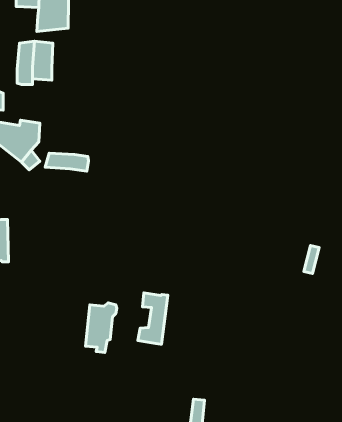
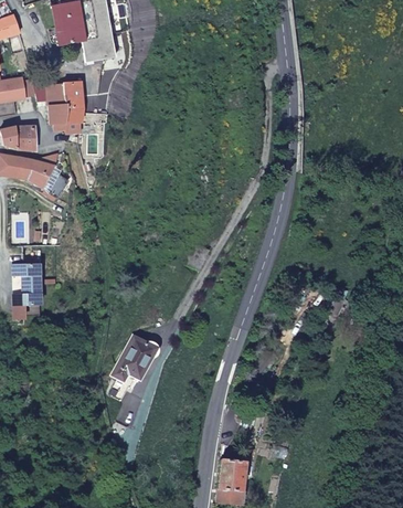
building: [45,153,88,171] -> none
building: [138,293,168,344] -> none

